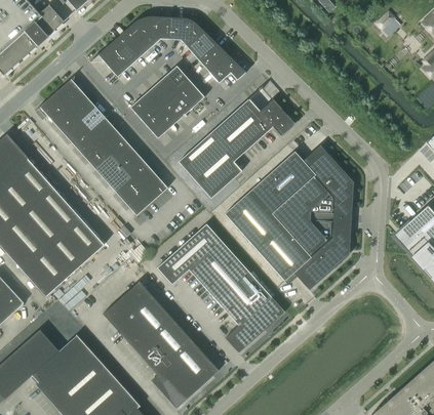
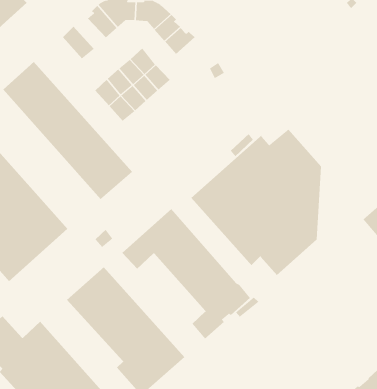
building: [109,37,141,67] -> none
building: [209,55,245,83] -> none
building: [177,99,293,198] -> none

